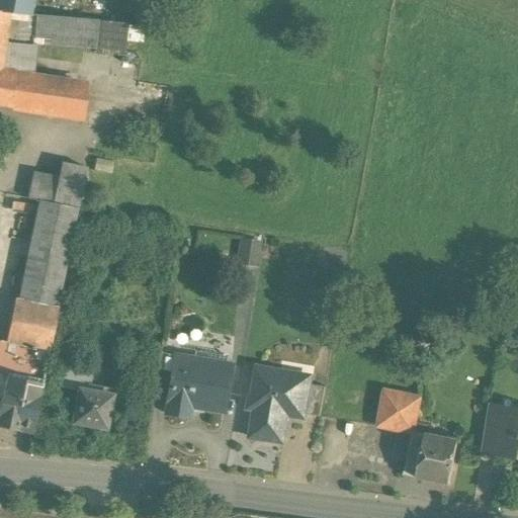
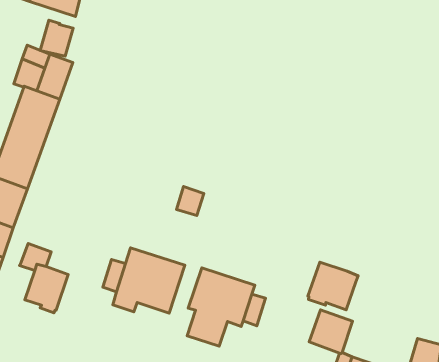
building: none -> [40,20,73,56]
building: [236,238,262,266] -> [176,187,204,215]
building: none -> [308,262,358,310]

